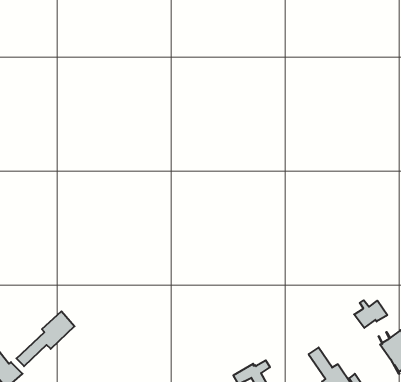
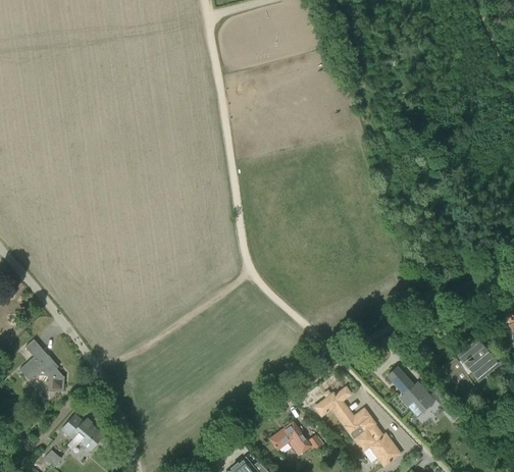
building: [354,300,387,328] -> none
building: [16,311,75,366] -> none

